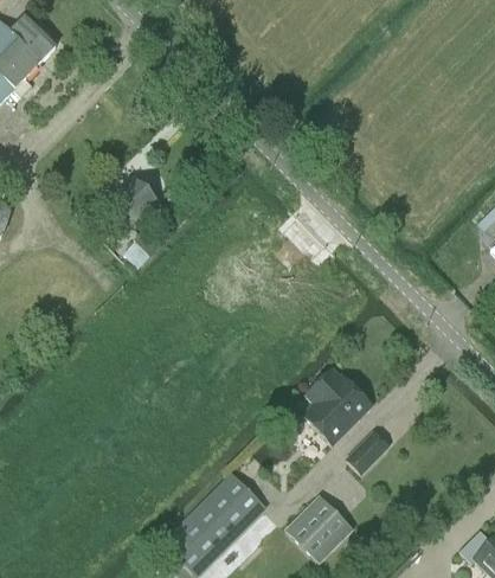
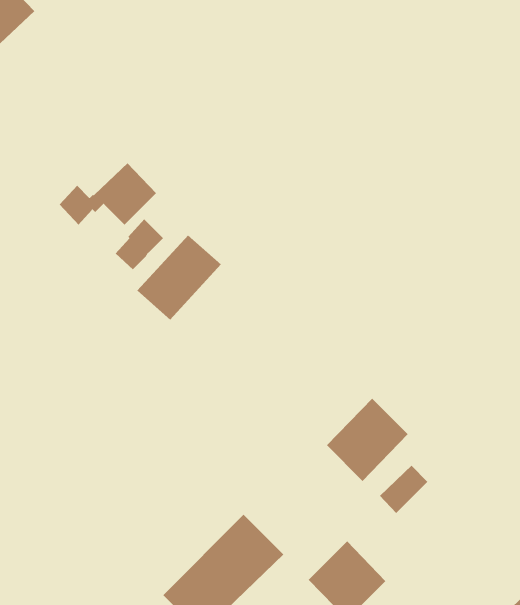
building: none -> [137,235,222,320]

